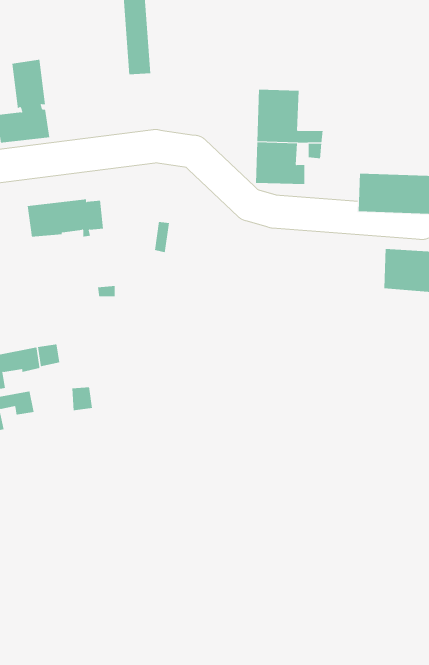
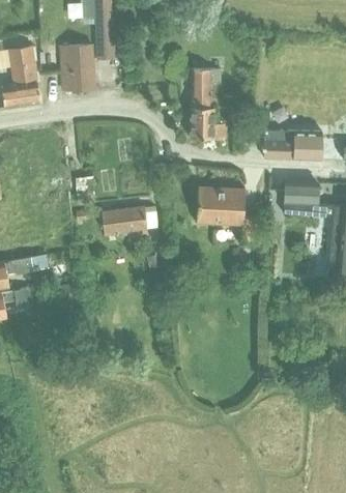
building: none -> [59,44,93,89]
building: [27,199,104,237] -> [100,205,156,233]
building: none -> [195,185,256,242]

